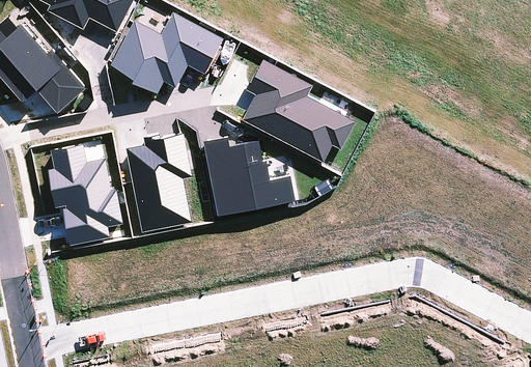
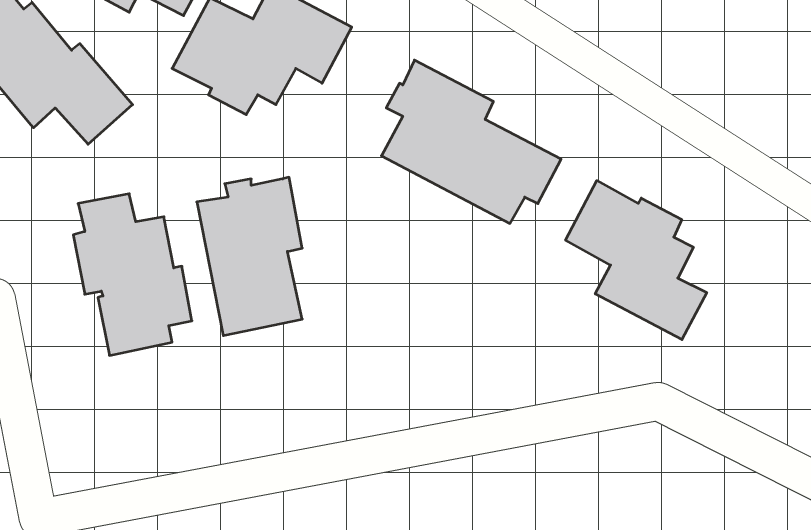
building: none -> [566,181,707,340]
building: [203,137,296,217] -> none

